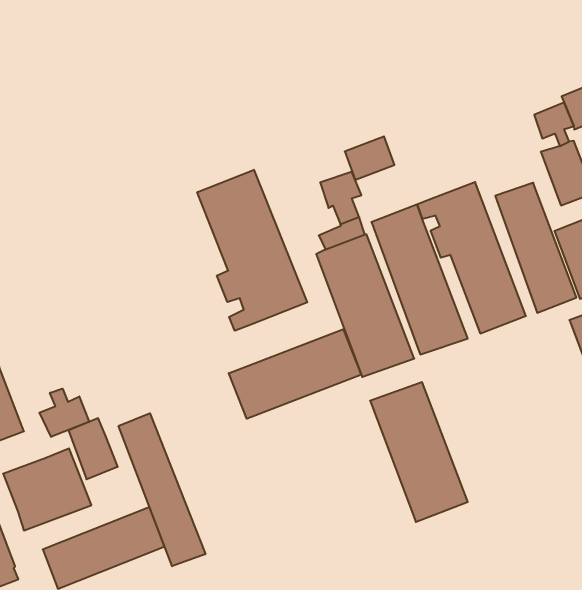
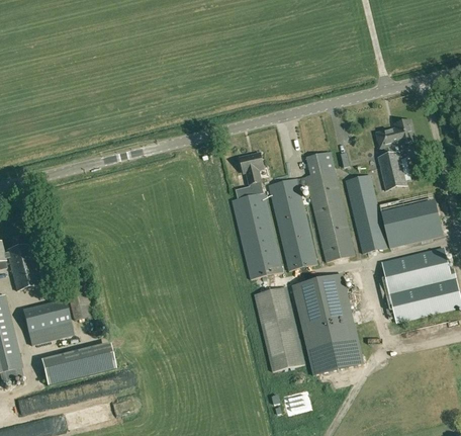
building: [345,136,394,180] -> [305,151,335,175]
building: [197,170,307,331] -> none
building: [229,329,361,419] -> none
building: none -> [291,273,363,375]
building: [39,389,89,437] -> none
building: [119,413,205,566] -> none

